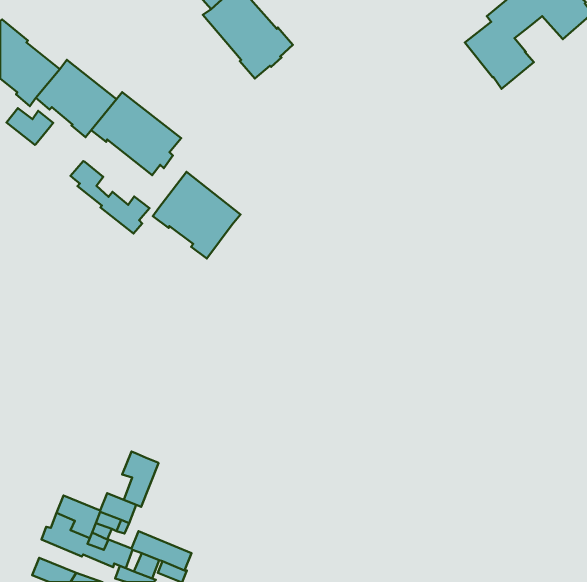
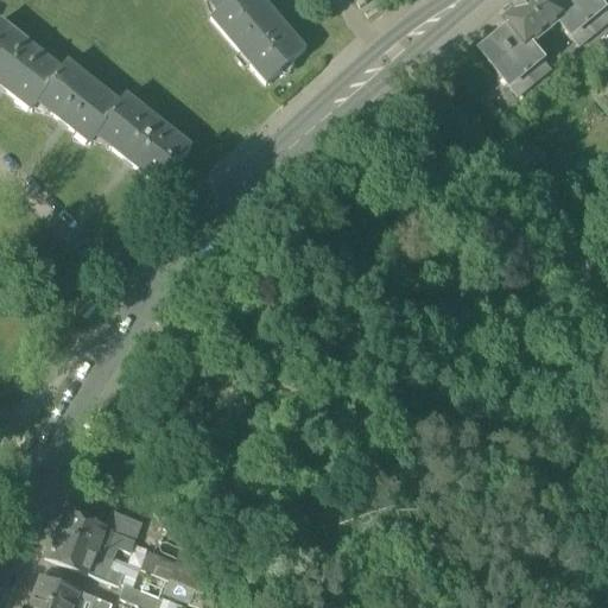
building: [7,108,53,145] -> none
building: [71,161,149,234] -> none
building: [153,172,241,259] -> none
building: [122,451,158,507] -> none

